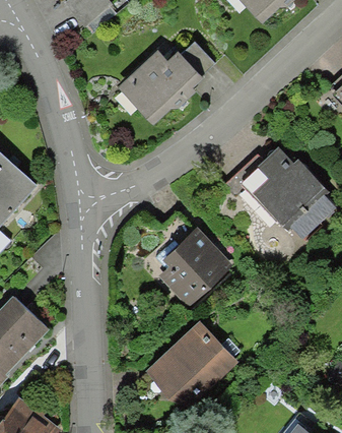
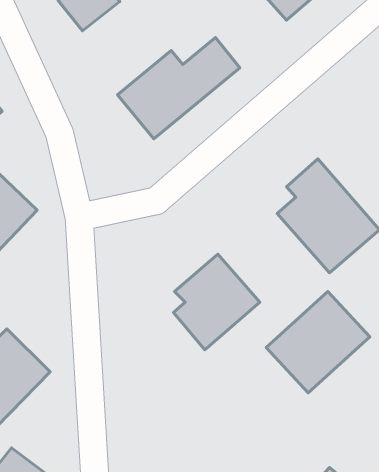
building: [145,321,235,410] -> [266,291,370,393]

